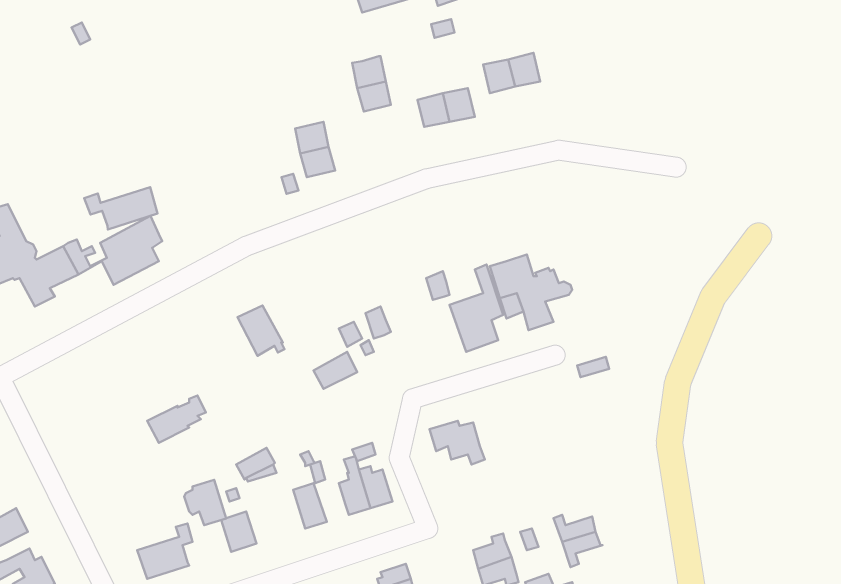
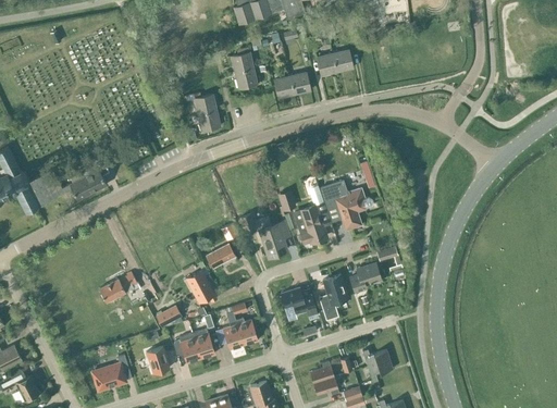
building: [84,187,157,229] -> none
building: [237,306,284,356] -> [185,271,215,304]
building: none -> [259,224,287,255]
building: none -> [350,263,380,292]
building: none -> [318,275,348,320]
building: [184,480,226,525] -> [173,333,200,362]

